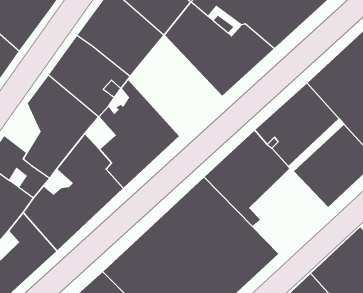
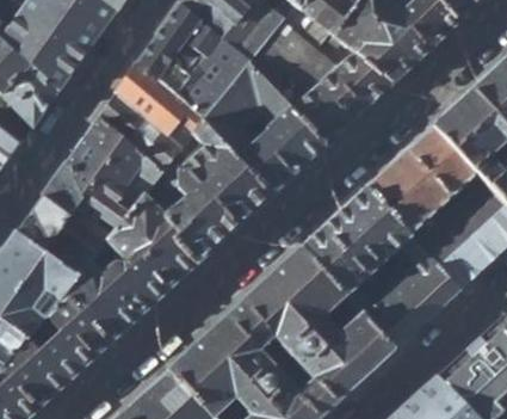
building: none -> [200,64,322,196]
building: none -> [39,159,86,217]
building: none -> [361,238,459,349]

